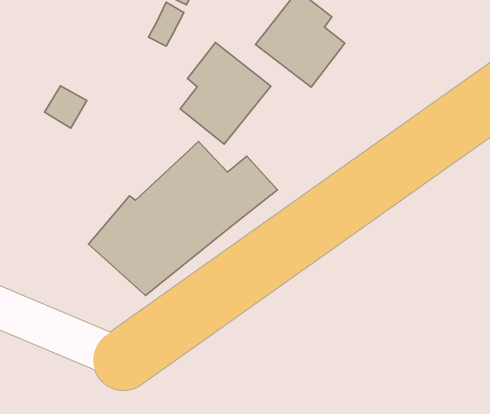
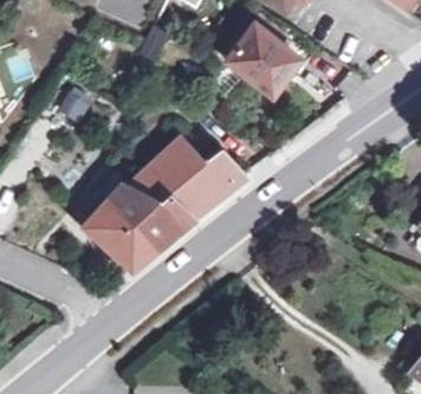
building: [180,43,271,144] -> none

